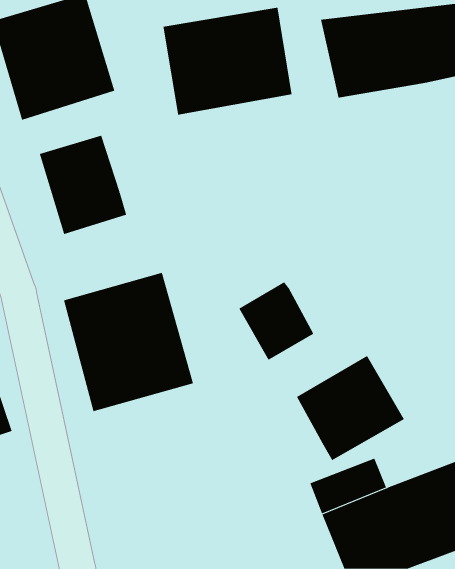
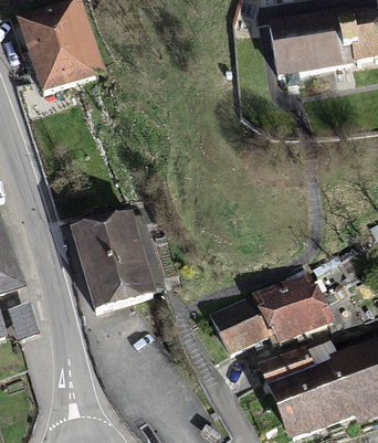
building: [163,7,292,116] -> none
building: [39,135,127,235] -> none
building: [239,282,314,360] -> [207,294,263,352]

